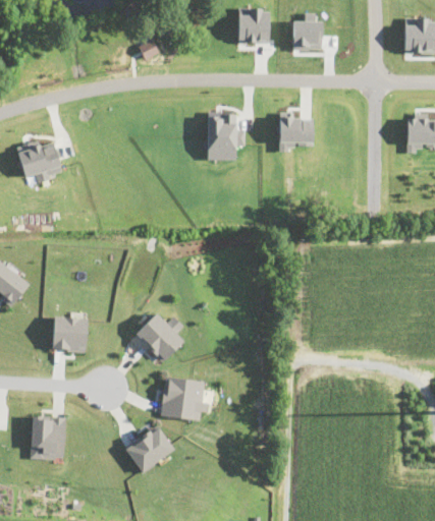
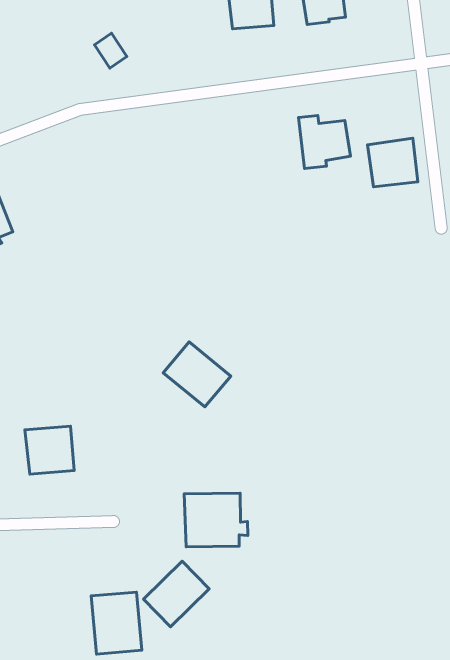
building: [207,115,244,159] -> none
building: none -> [367,138,418,187]
building: [135,312,184,361] -> [163,342,231,407]
building: [31,415,65,459] -> [91,592,142,654]

